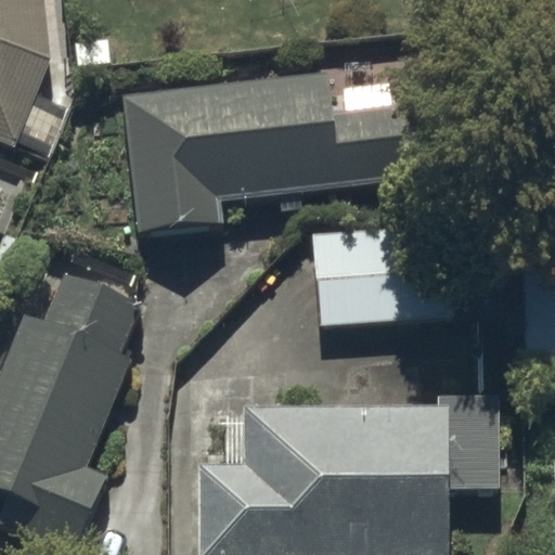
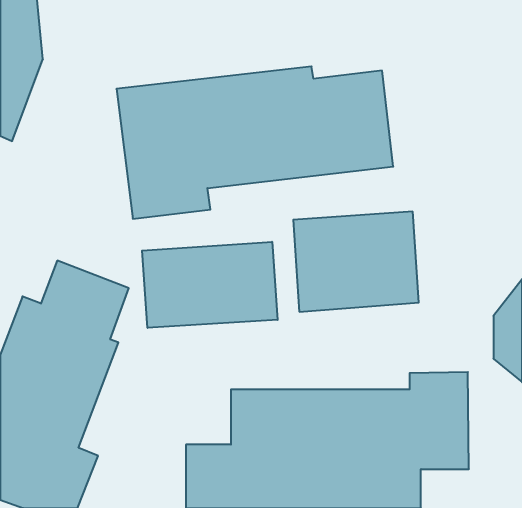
building: none -> [142,242,278,328]

